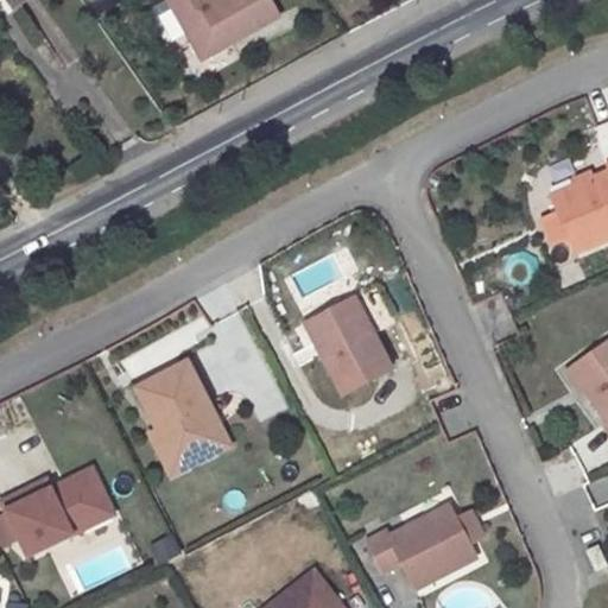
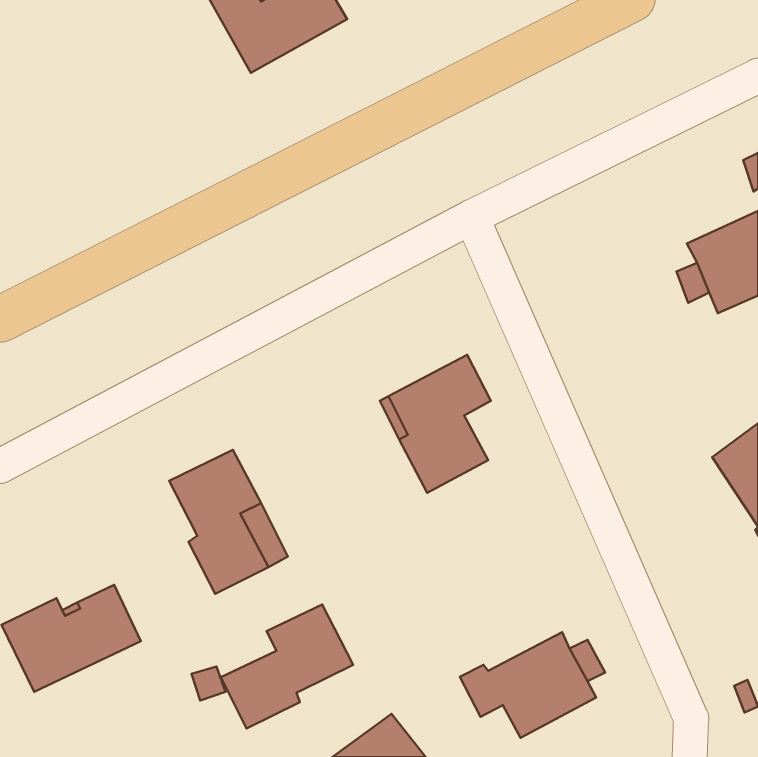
building: none -> [221,605,353,728]

